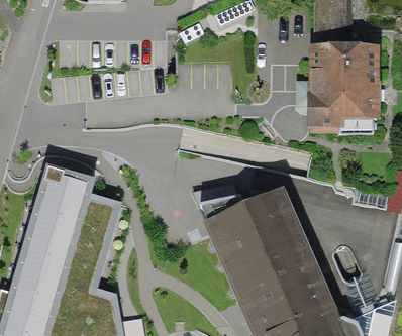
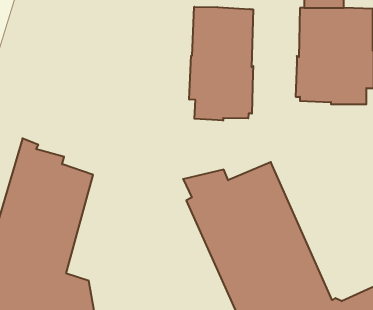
building: none -> [189,7,253,121]

